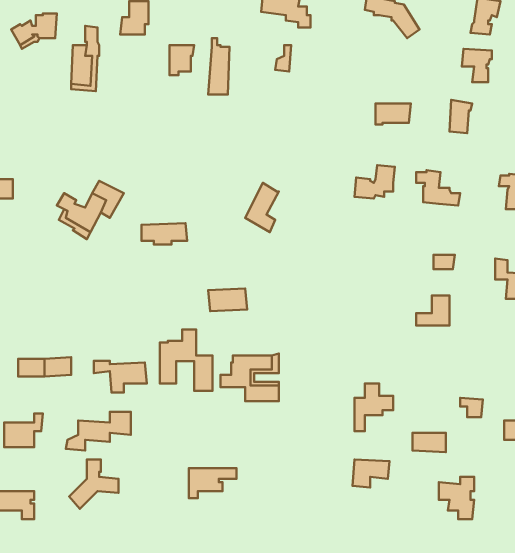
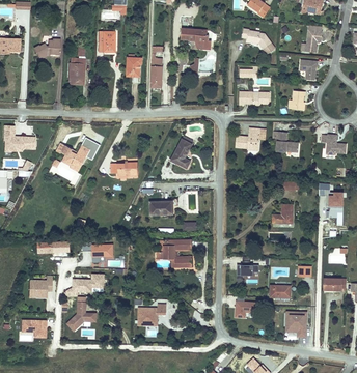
building: [160,330,212,391] -> none

